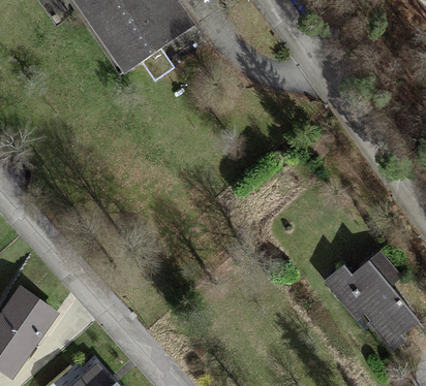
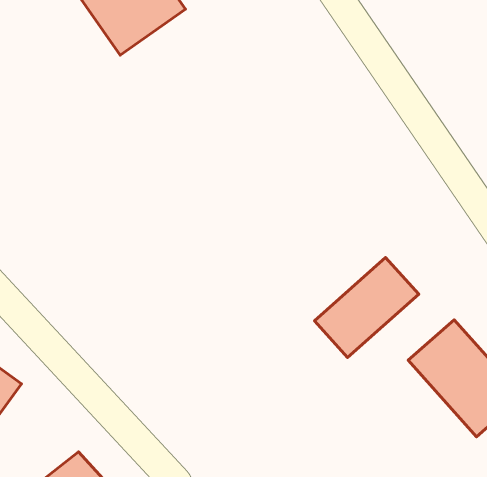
building: none -> [314,257,419,358]

